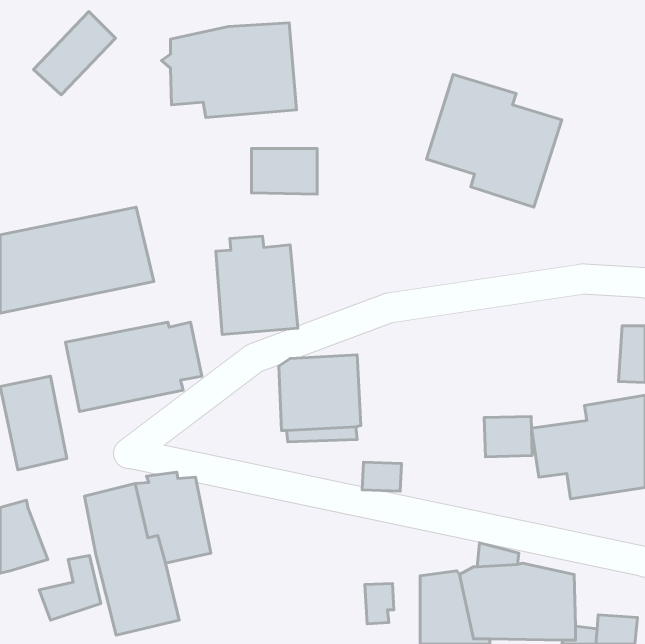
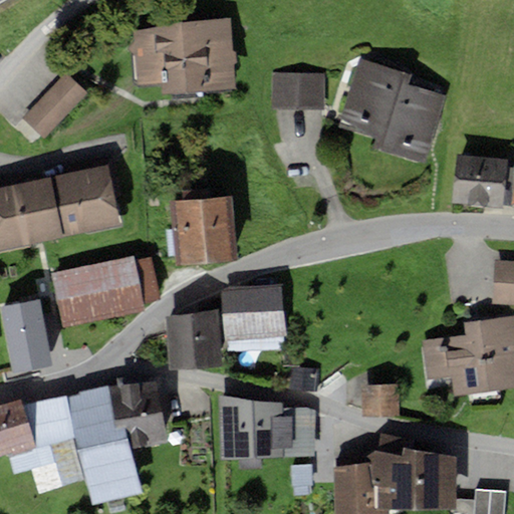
building: [33,12,115,95] -> [23,72,88,139]
building: [252,149,317,194] -> [273,73,325,109]
building: none -> [451,153,508,208]
building: none -> [167,308,222,368]
building: [484,416,532,457] -> [361,383,400,416]
building: none -> [8,395,76,474]
building: none -> [219,395,316,460]

